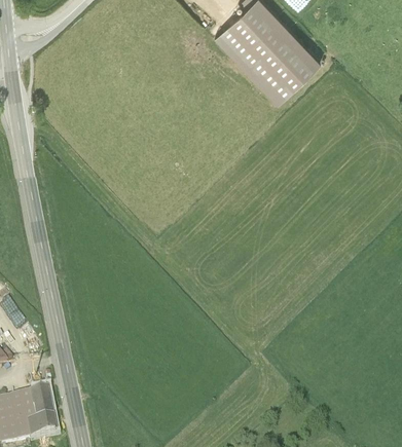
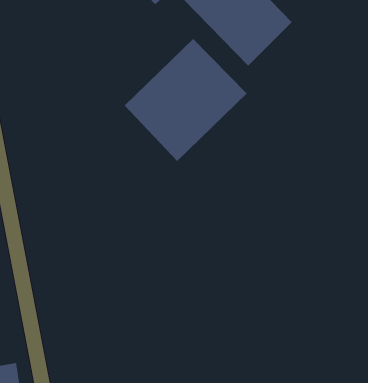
building: none -> [124,38,248,162]

